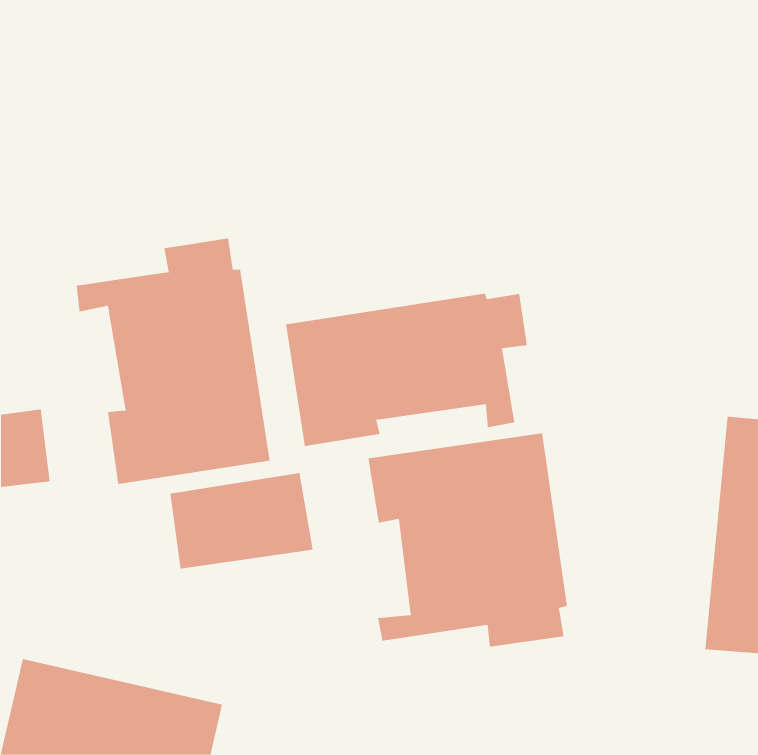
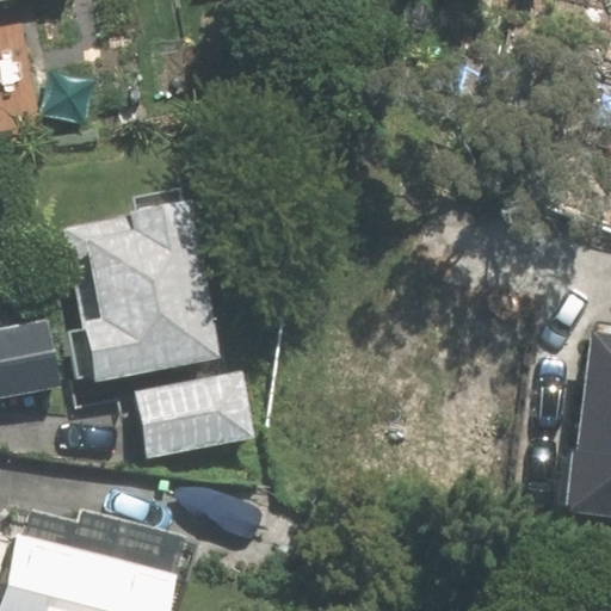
building: [286,293,527,447] -> none
building: [368,433,568,647] -> none

